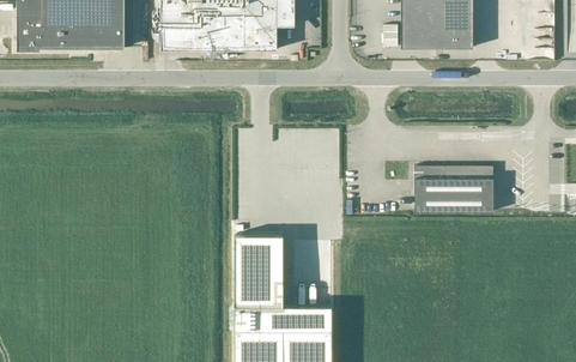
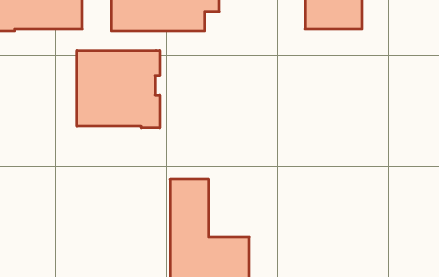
building: none -> [77,50,160,128]
building: [414,165,493,212] -> none

